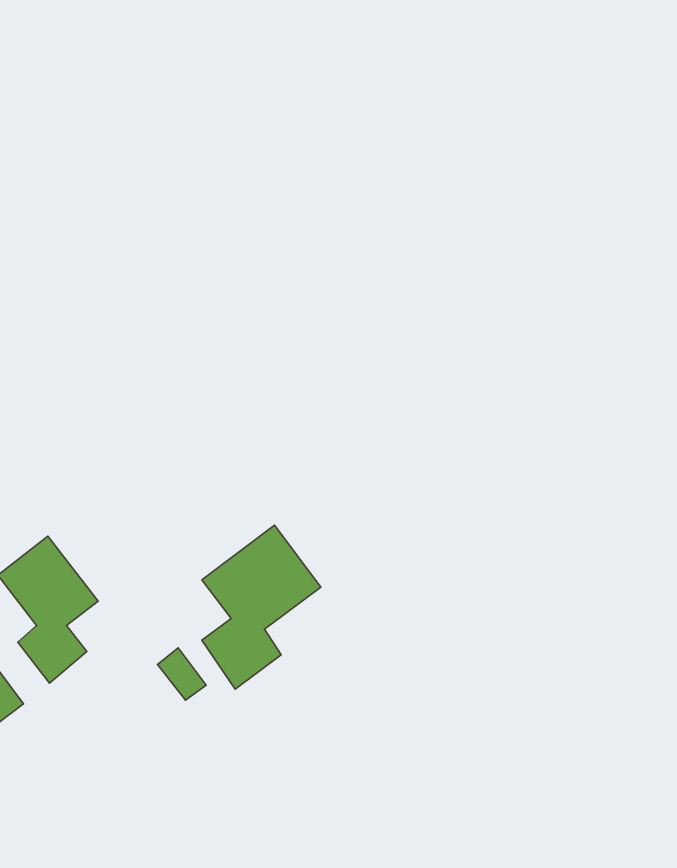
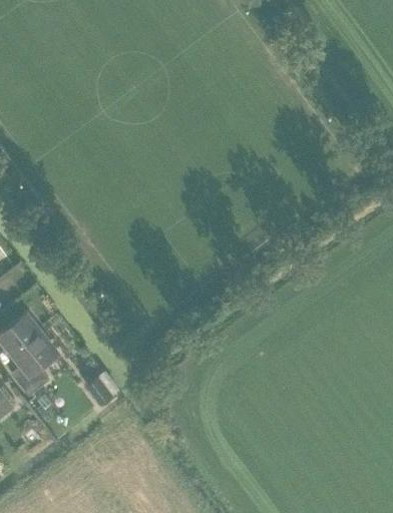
building: [202,525,321,689] -> none

